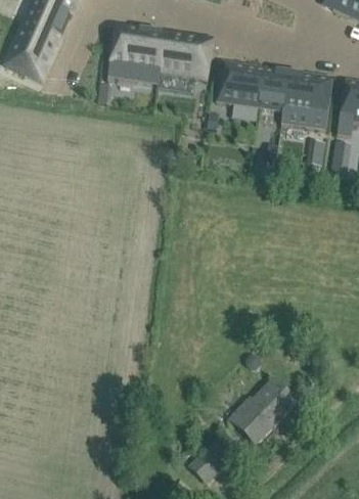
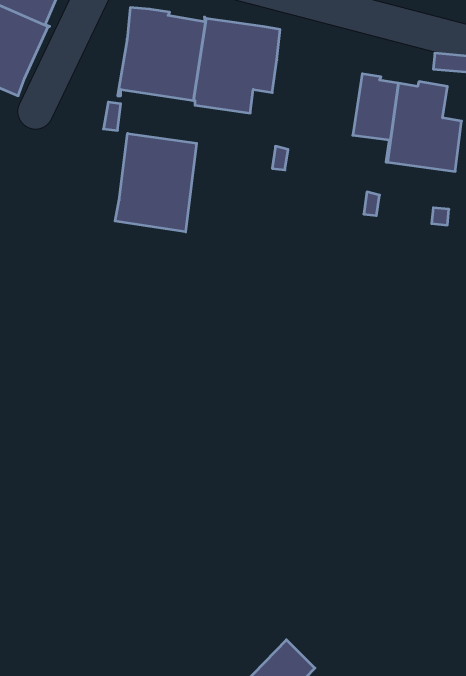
building: [217,62,266,122] -> none
building: none -> [115,133,197,232]
building: [232,385,296,444] -> none

